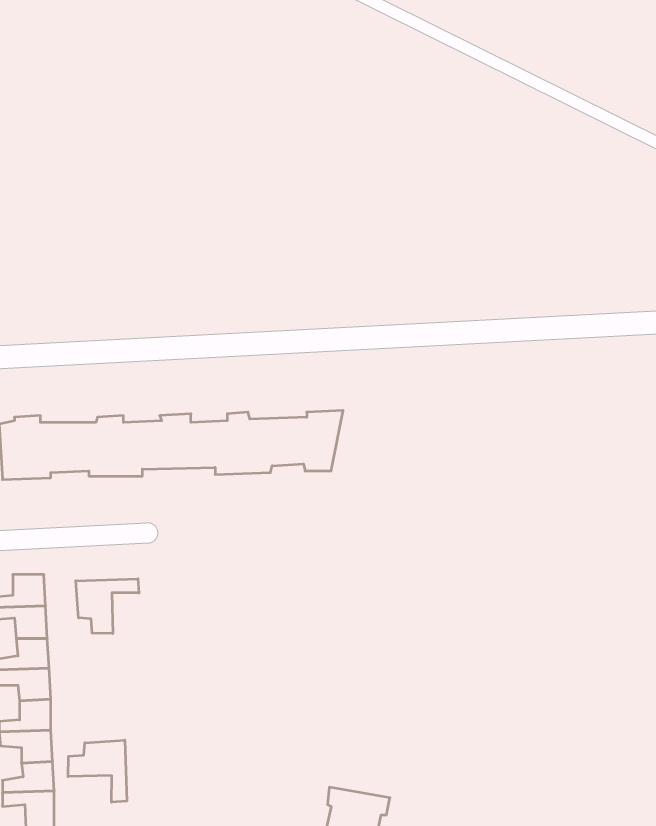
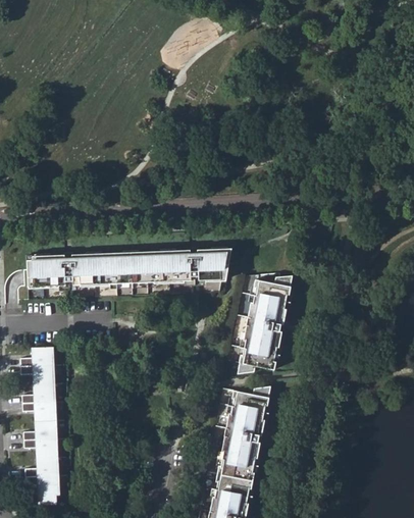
building: none -> [237,278,292,373]
building: [76,579,139,634] -> none
building: none -> [216,387,271,477]
building: [68,740,127,802] -> none

